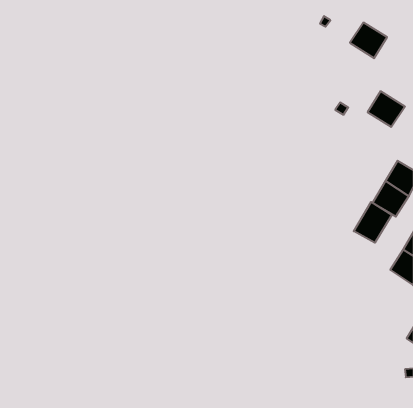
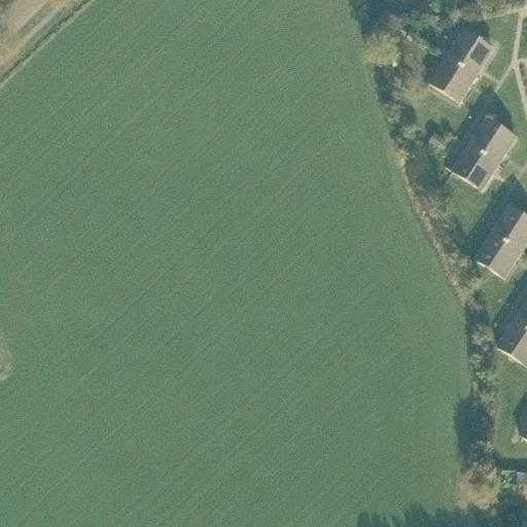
building: none -> [429,55,477,100]
building: none -> [452,143,498,187]
building: [354,202,392,243] -> none

